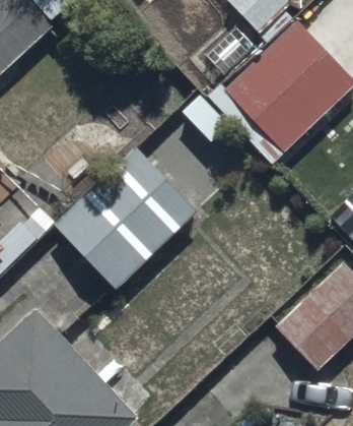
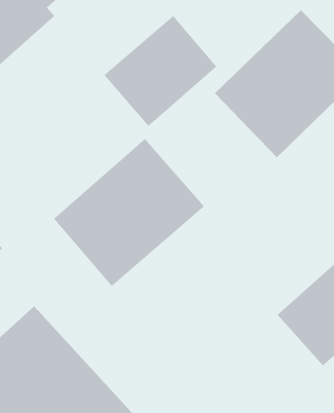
building: none -> [103,15,217,127]

